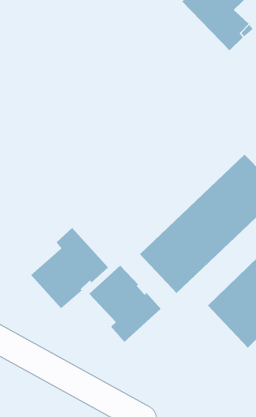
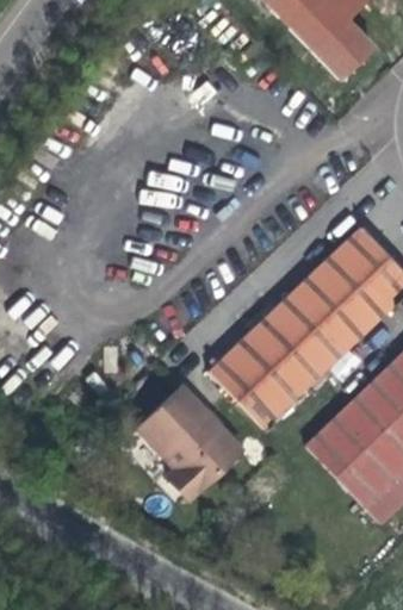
building: [30,227,109,309] -> none

